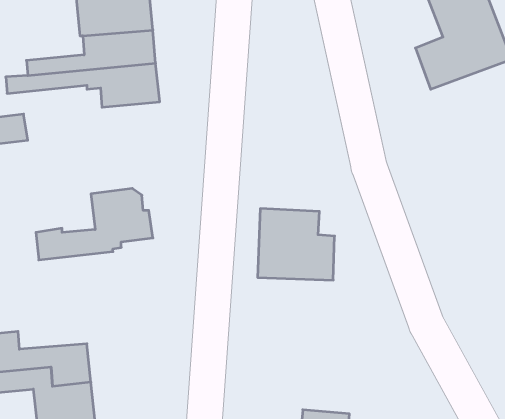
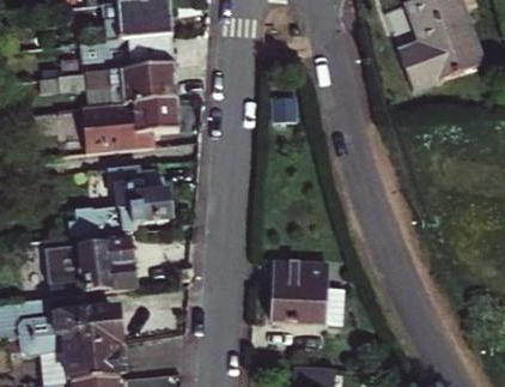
building: none -> [80,98,176,152]
building: [258,209,335,280] -> [272,260,339,322]
building: none -> [49,241,132,297]

